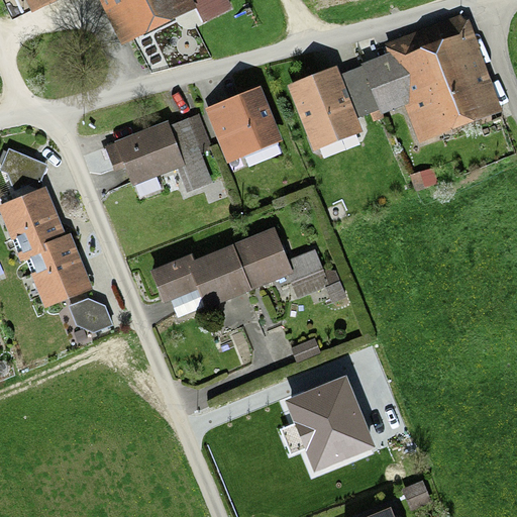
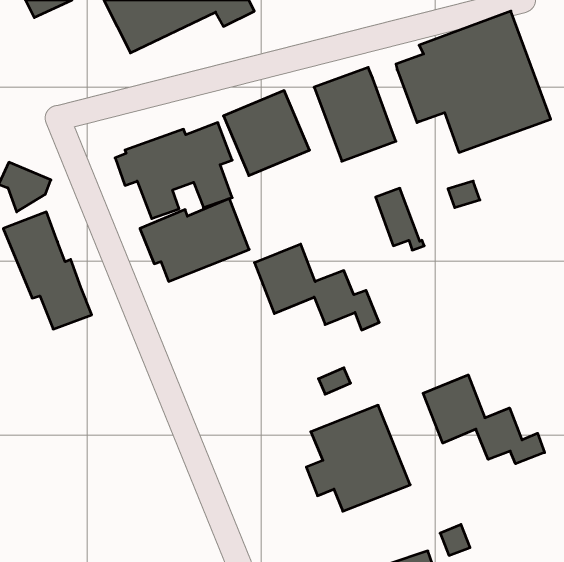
building: [340,66,385,122] -> [376,188,424,250]
building: [150,242,250,318] -> [140,199,249,281]
building: [68,298,113,333] -> none
building: none -> [423,375,545,464]

